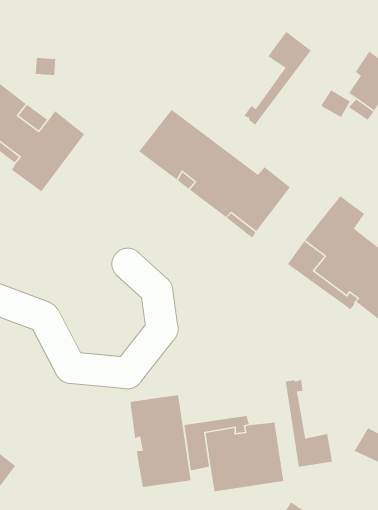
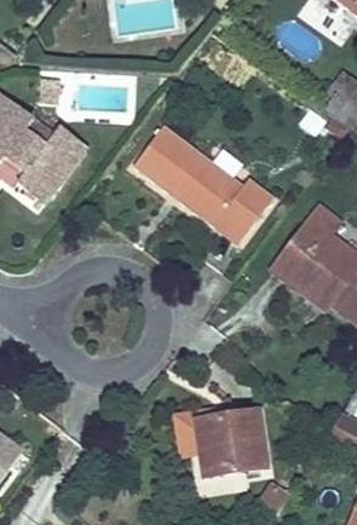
building: [243,31,312,126] -> none
building: [285,379,333,467] -> none
building: [129,394,192,488] -> none

